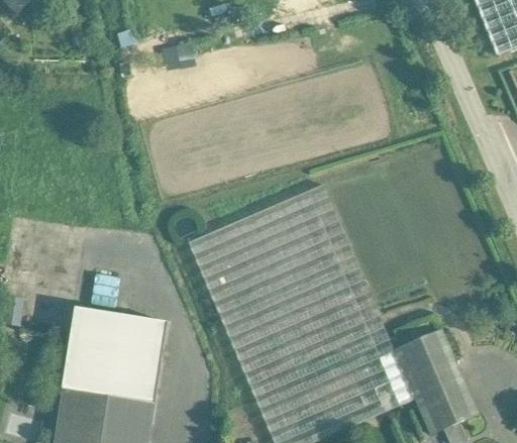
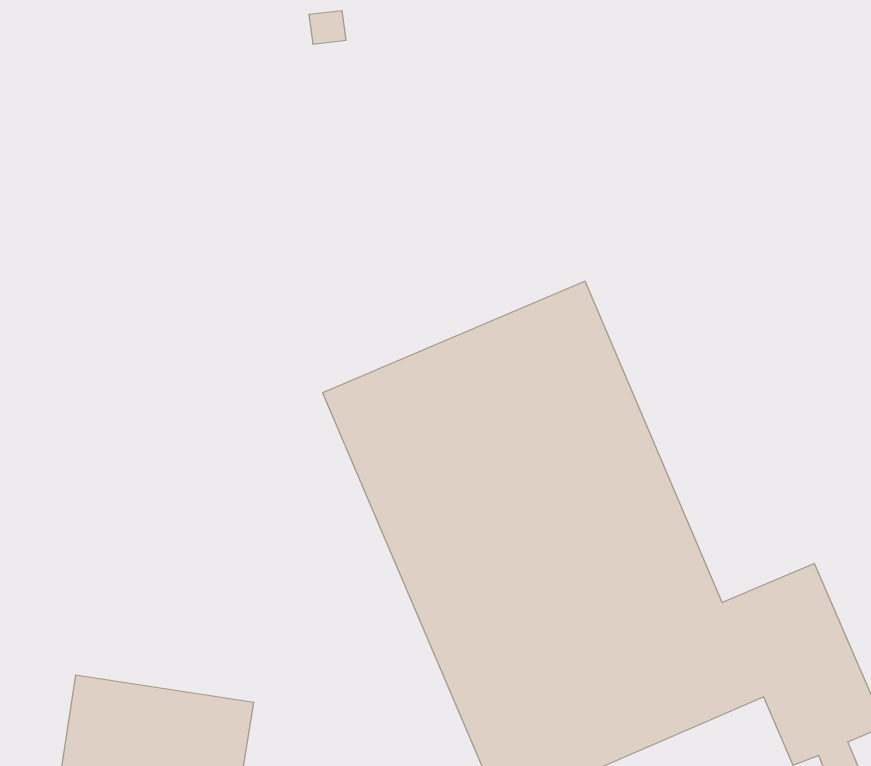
building: [62,308,166,401] -> none

